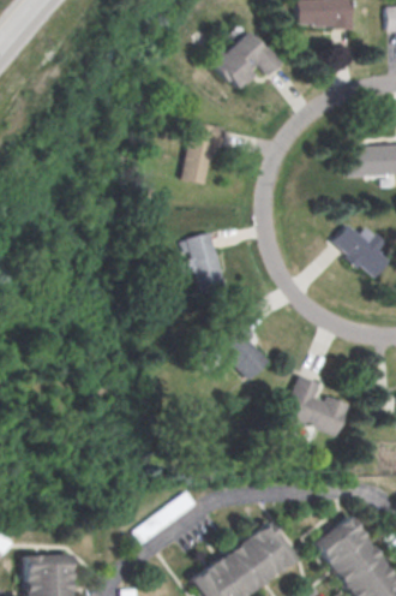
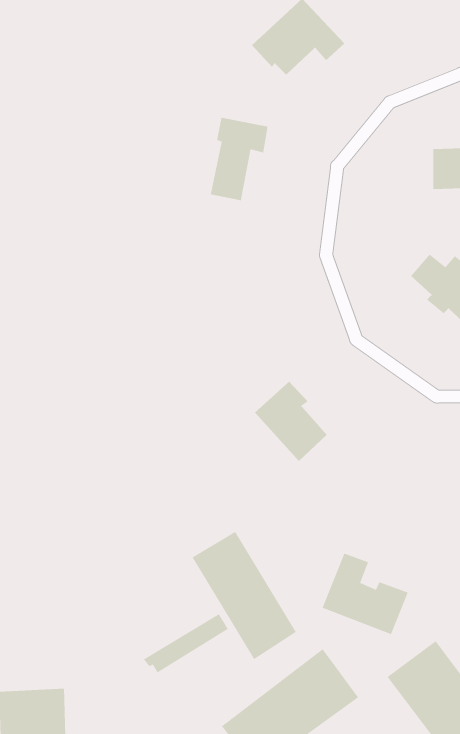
building: [181,233,228,294] -> none
building: [283,375,349,437] -> [321,552,409,635]
building: none -> [192,531,297,660]

